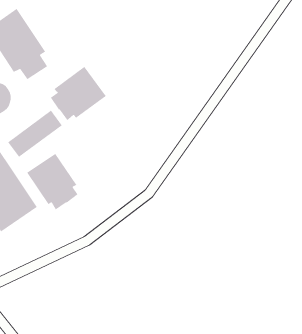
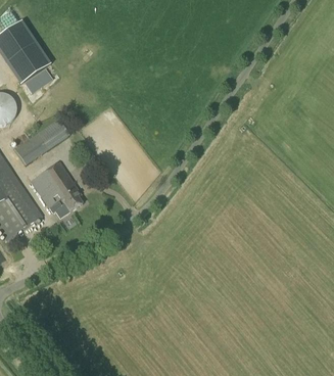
building: [50,66,107,121] -> none

